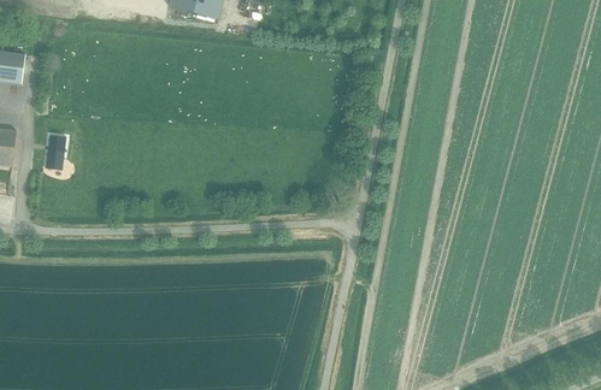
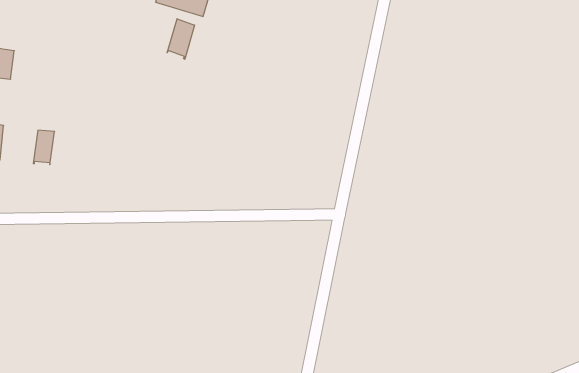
building: none -> [167,19,195,59]

